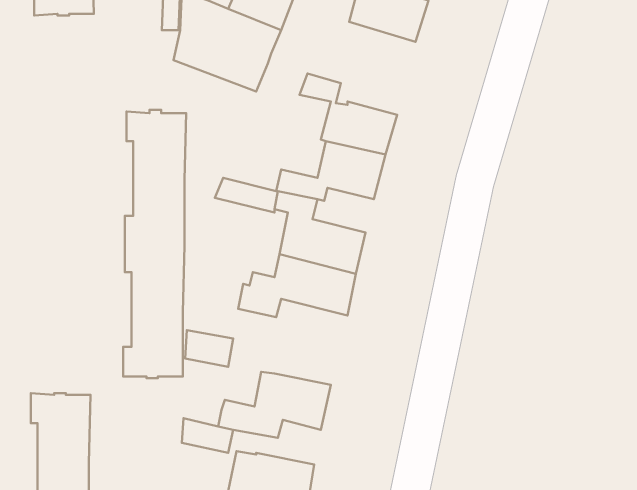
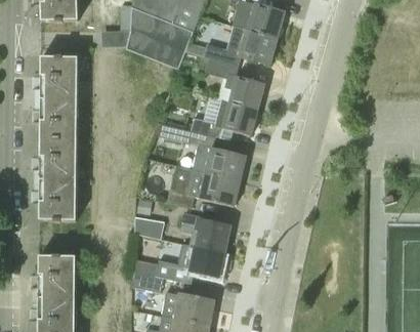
building: none -> [204,26,277,65]
building: [123,110,186,378] -> [39,55,78,221]
building: none -> [180,213,230,250]

